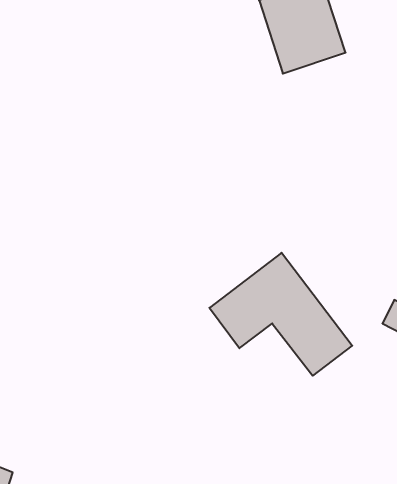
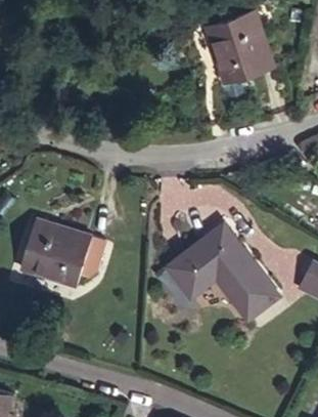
building: none -> [19,217,104,285]

